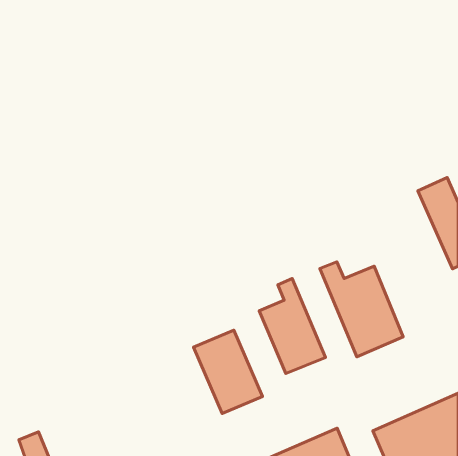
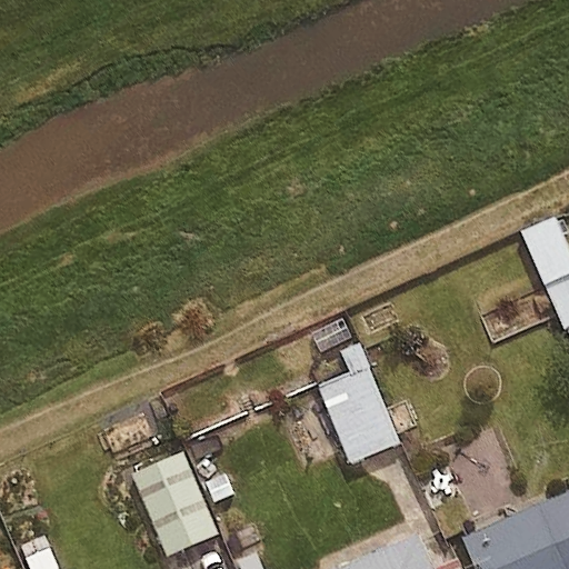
building: [320,262,403,357] -> none
building: [194,330,263,413] -> [136,456,221,559]

